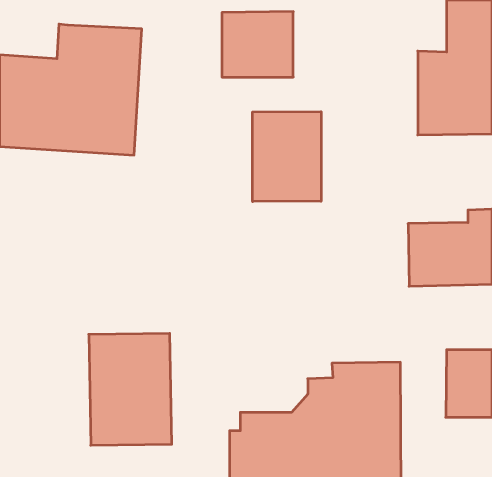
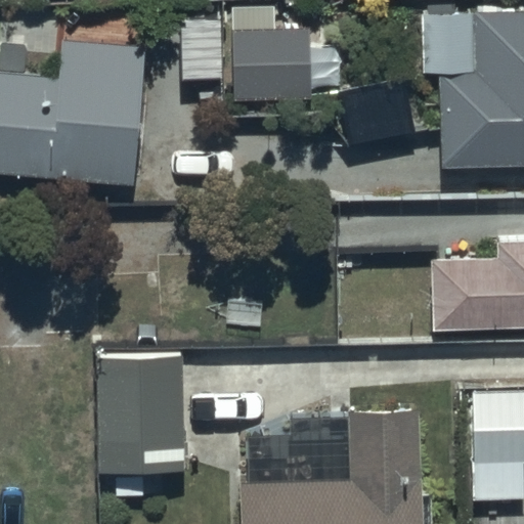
building: [253,112,321,202] -> none

